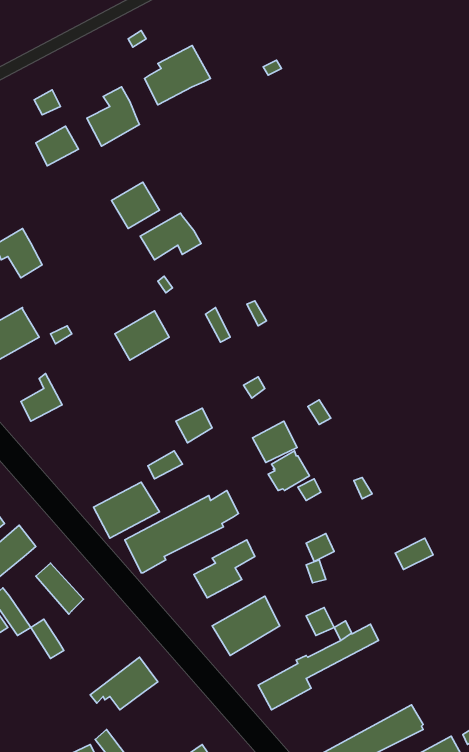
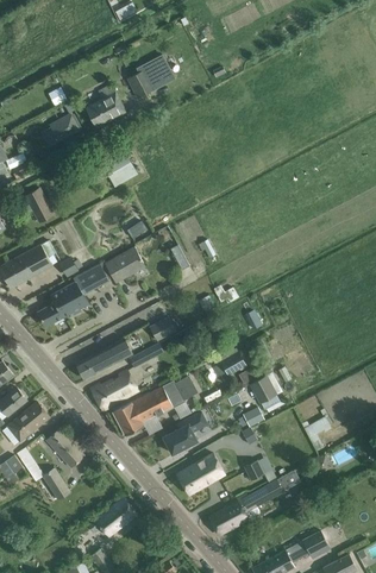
building: [140,213,201,260] -> none
building: none -> [56,264,108,315]
building: [253,421,297,462] -> [250,373,282,403]
building: none -> [76,340,133,379]

